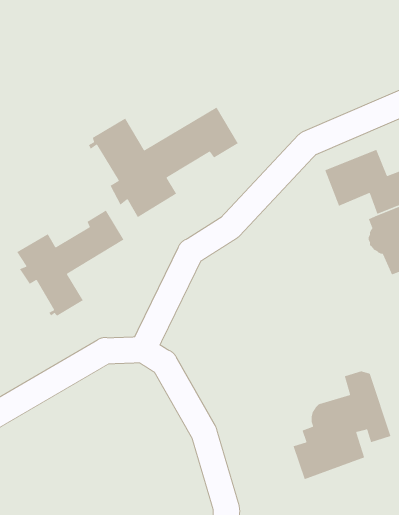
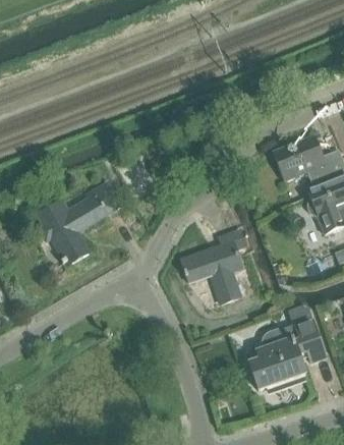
building: [88,106,239,218] -> none
building: none -> [181,229,245,302]

